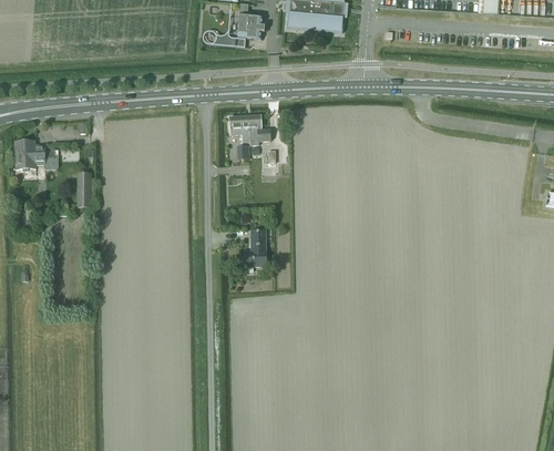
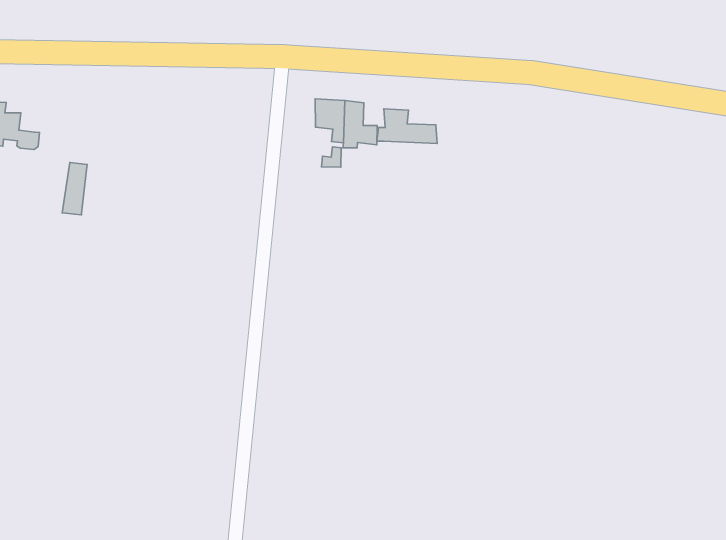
building: none -> [377,109,437,144]
building: [244,229,266,266] -> none

